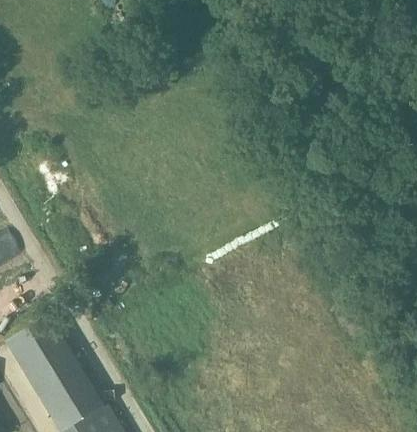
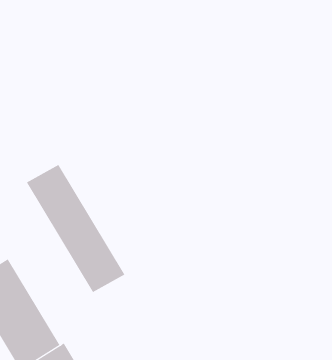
building: none -> [26,164,125,293]

